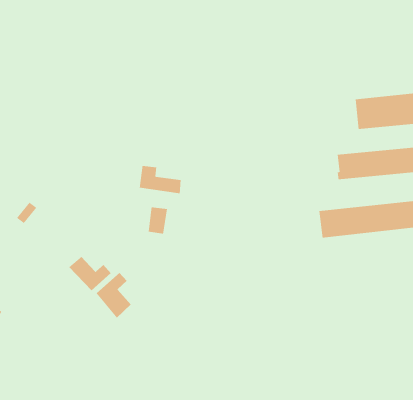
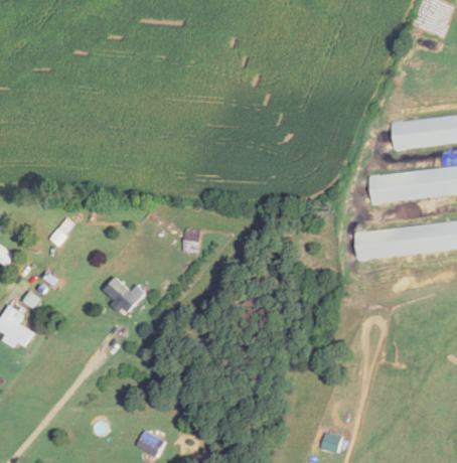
building: [139,165,181,194] -> none
building: [96,272,131,318] -> none

